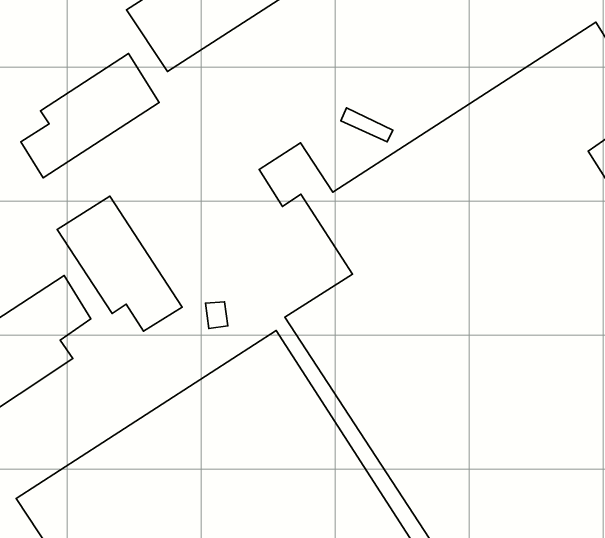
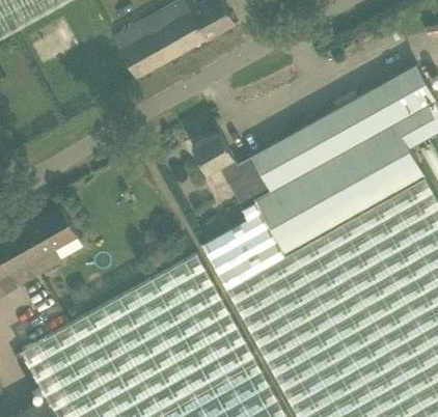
building: [21,54,159,178] -> none
building: [57,196,182,331] -> none

